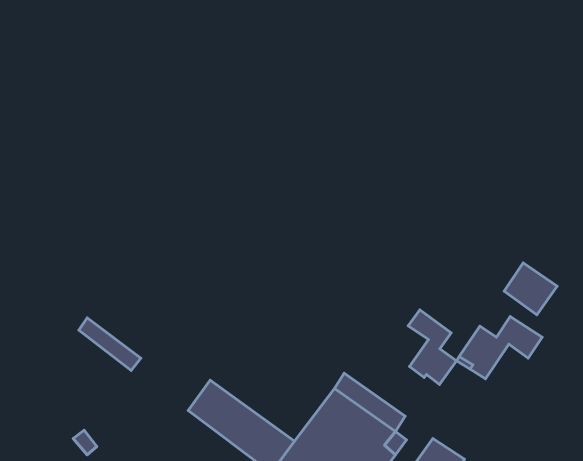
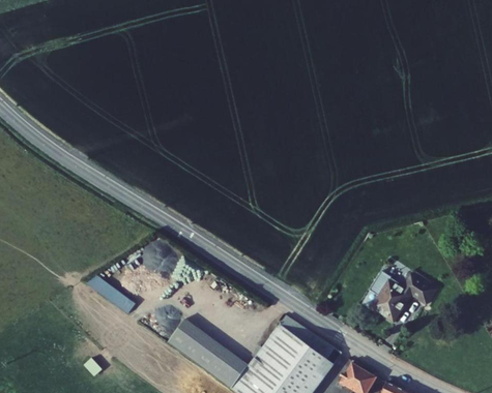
building: [504,263,557,315] -> none
building: [408,310,456,385] -> none

